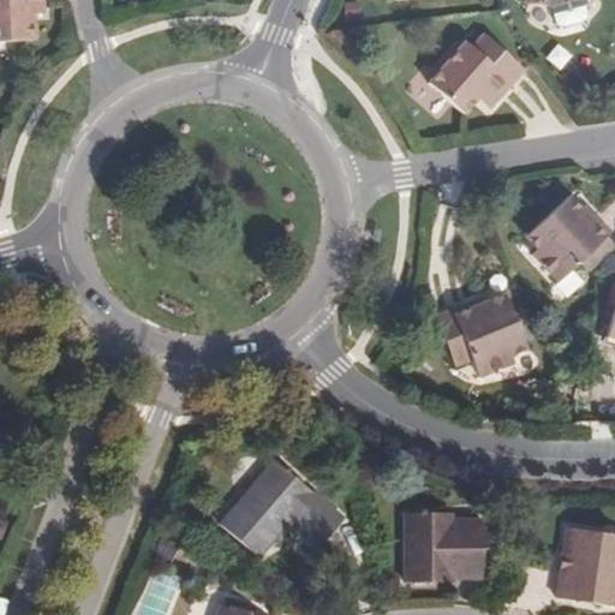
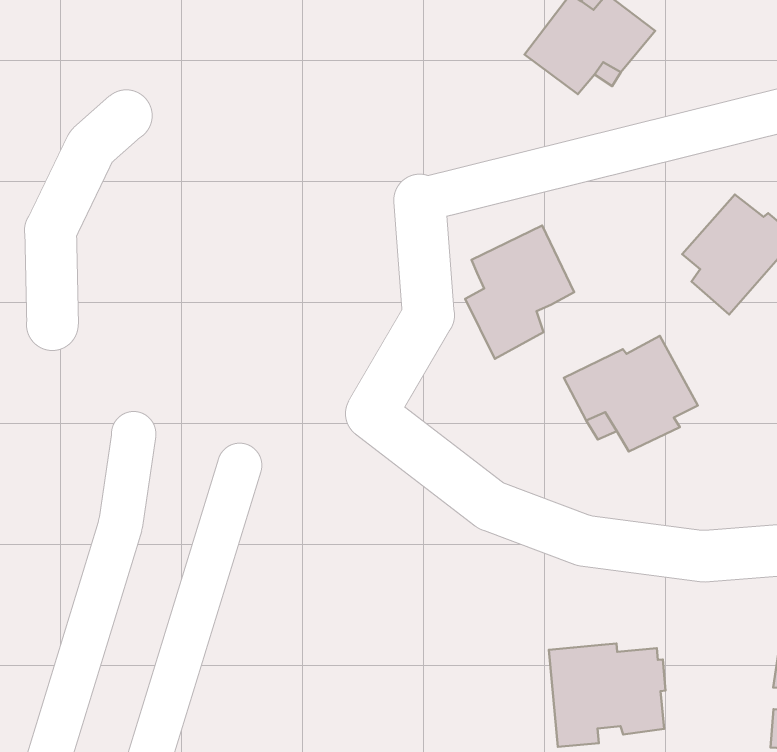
building: none -> [465,226,574,359]
building: [221,459,345,559] -> none

